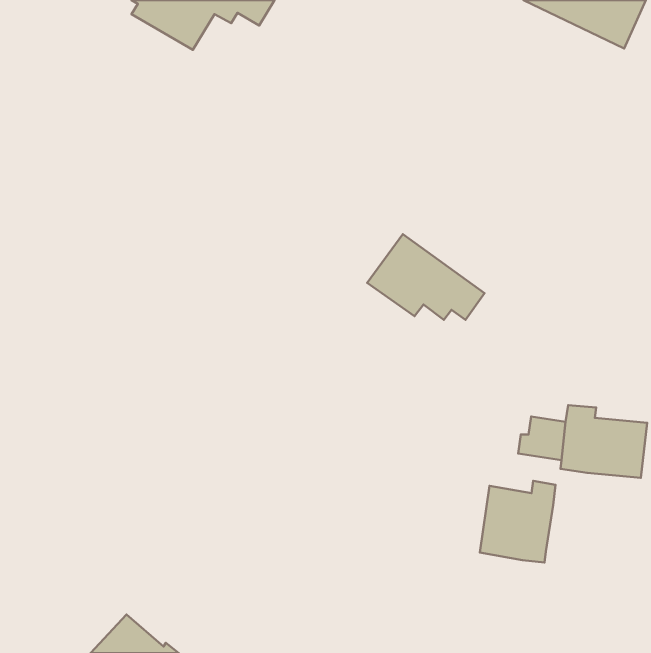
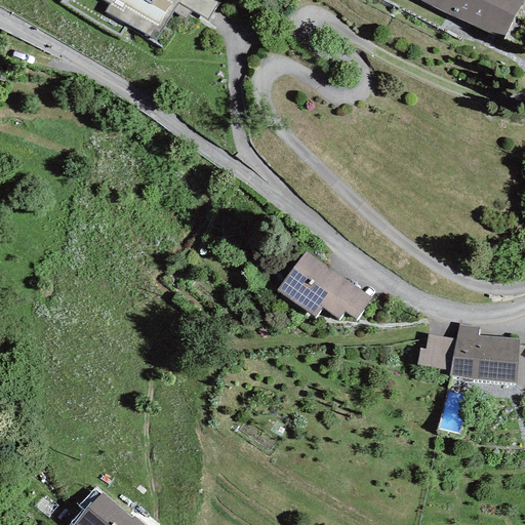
building: [367,234,485,320] -> [278,251,372,320]
building: [480,481,556,562] -> none

